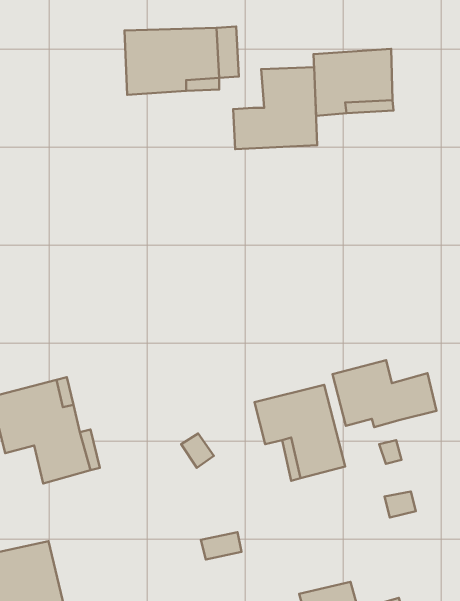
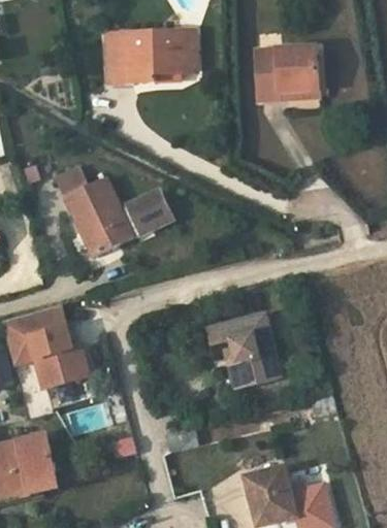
building: [233,67,317,149] -> none
building: none -> [56,163,172,255]
building: [332,360,437,427] -> none

